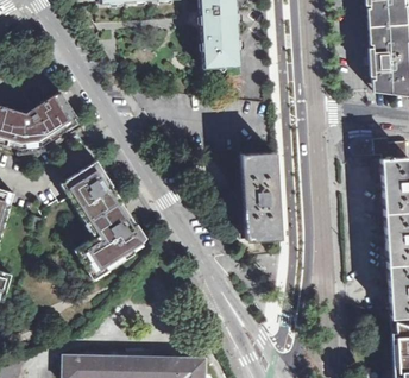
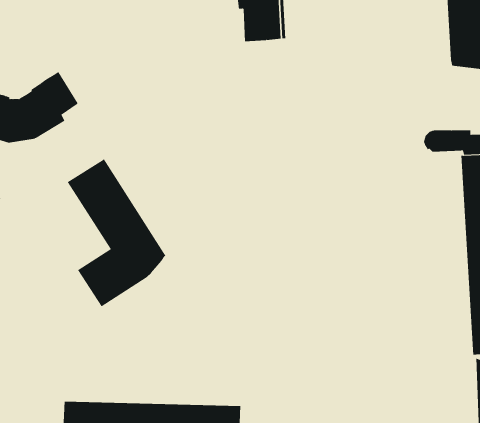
building: [239,152,279,239] -> none

